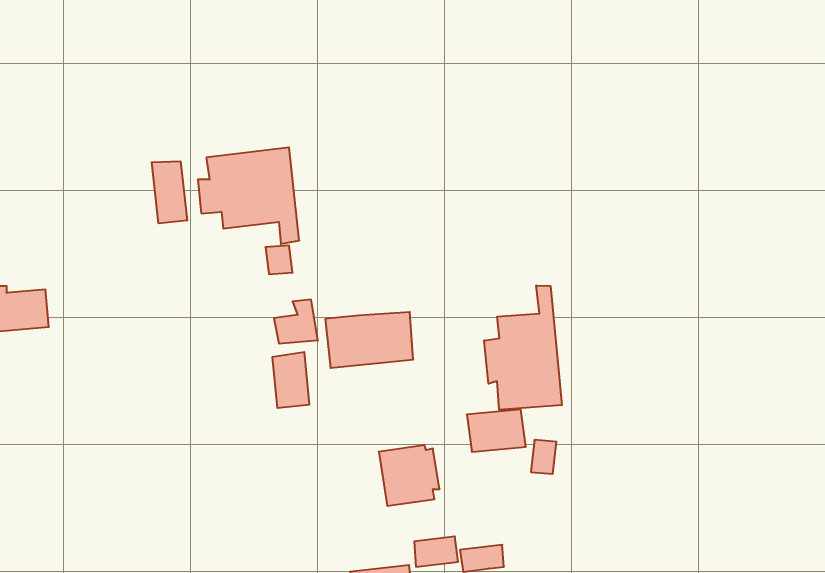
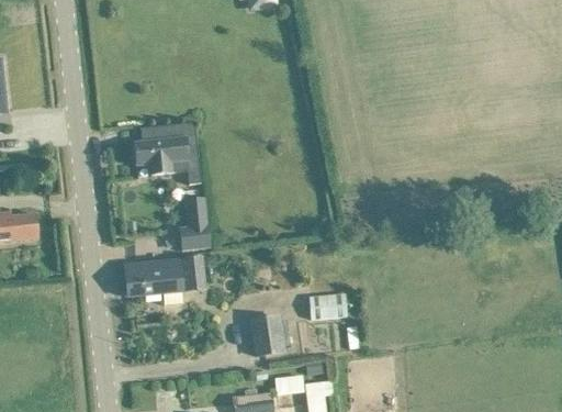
building: [152,161,187,223] -> none
building: [484,285,562,410] -> none
building: [325,312,413,368] -> [123,260,180,297]

